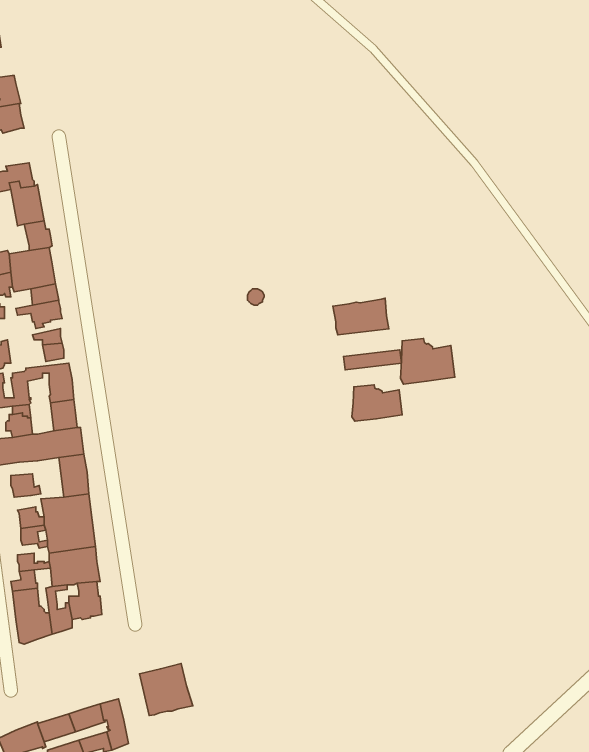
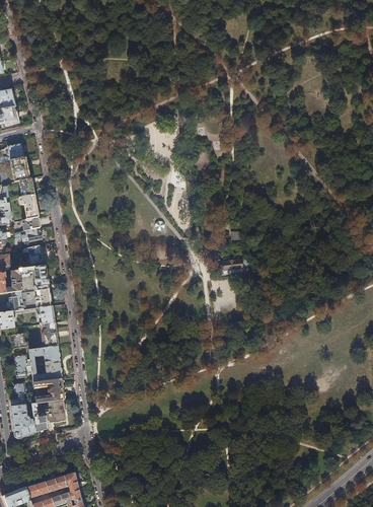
building: [333,298,389,335] -> none
building: [401,338,455,384] -> none
building: [352,385,402,421] -> none
building: [139,663,193,716] -> none

